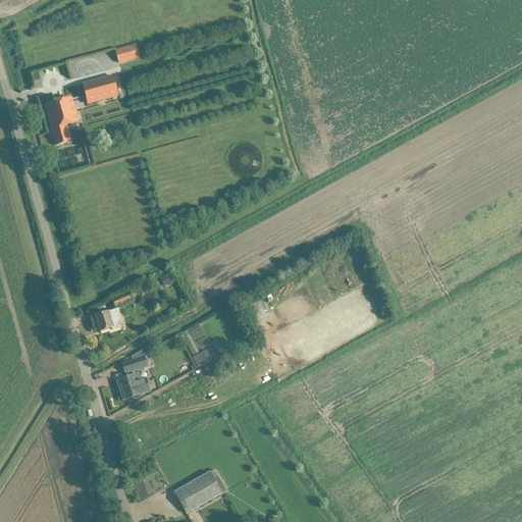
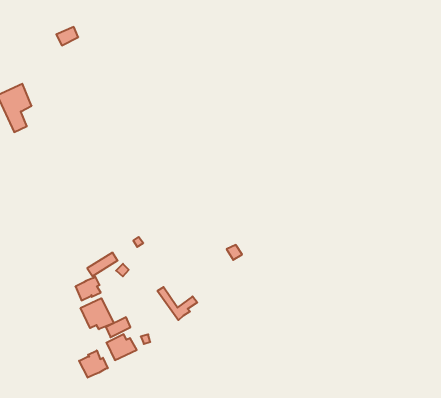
building: [82,75,117,103] -> none
building: none -> [81,298,114,329]
building: none -> [79,350,108,378]

